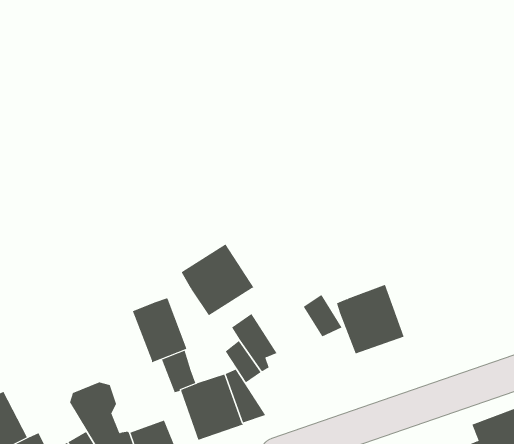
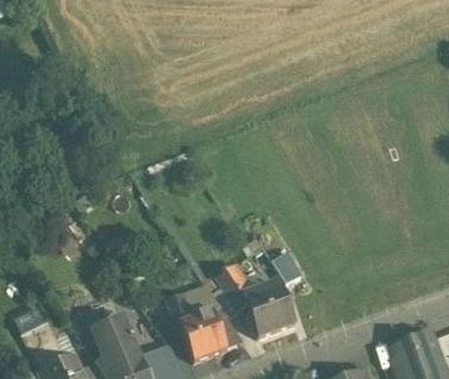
building: [181,243,255,316] -> none
building: [336,284,404,354] -> [242,284,293,336]
building: [132,298,187,363] -> none

